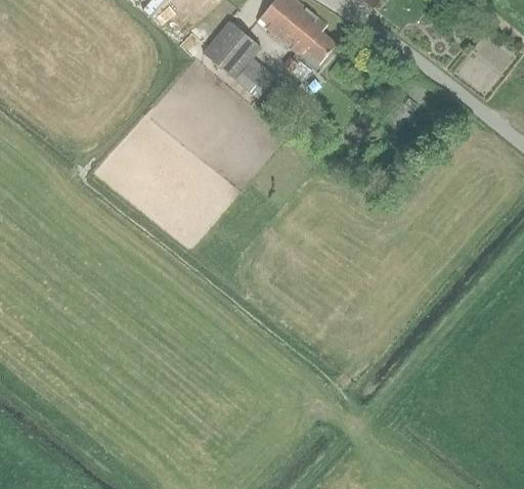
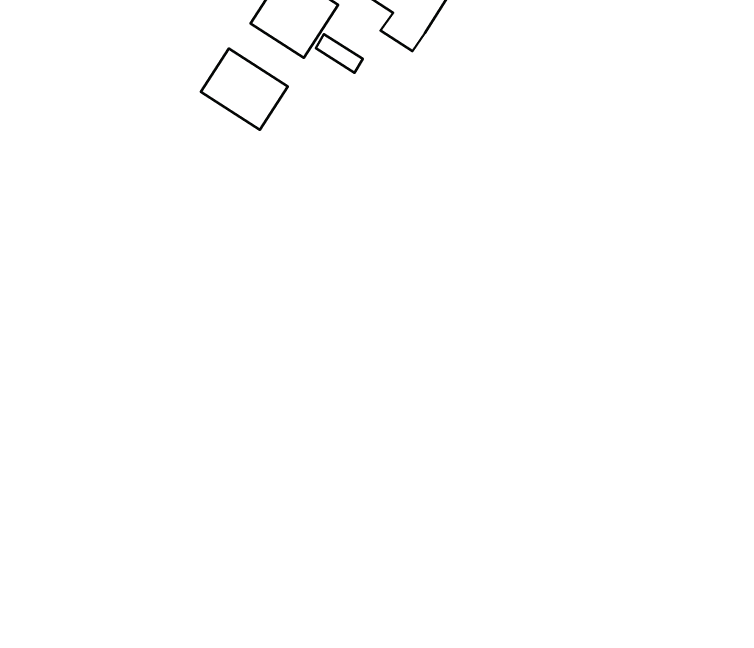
building: none -> [201,49,288,130]

